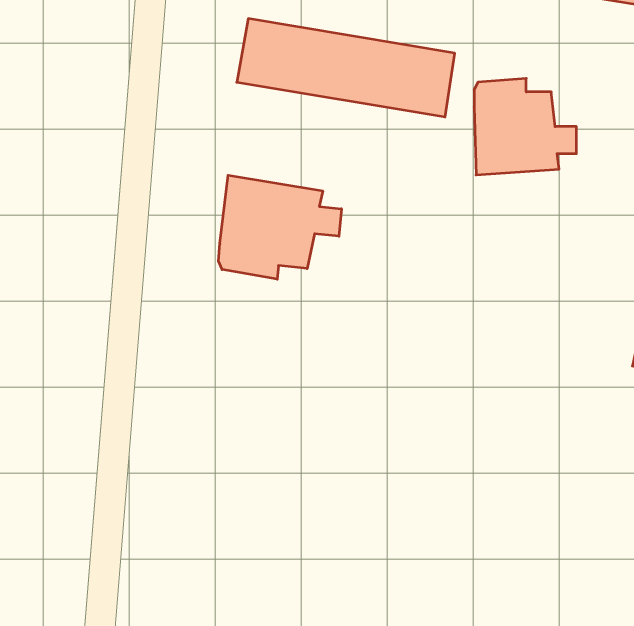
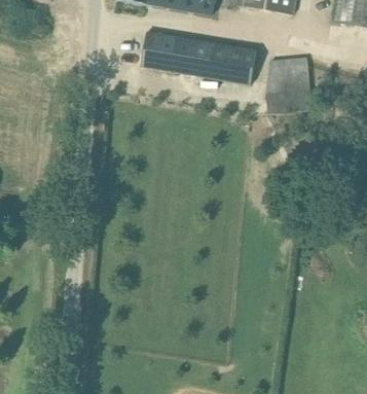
building: [218,175,341,279] -> none

